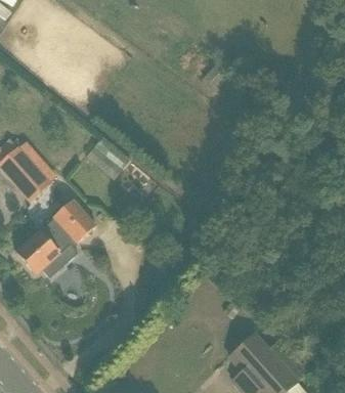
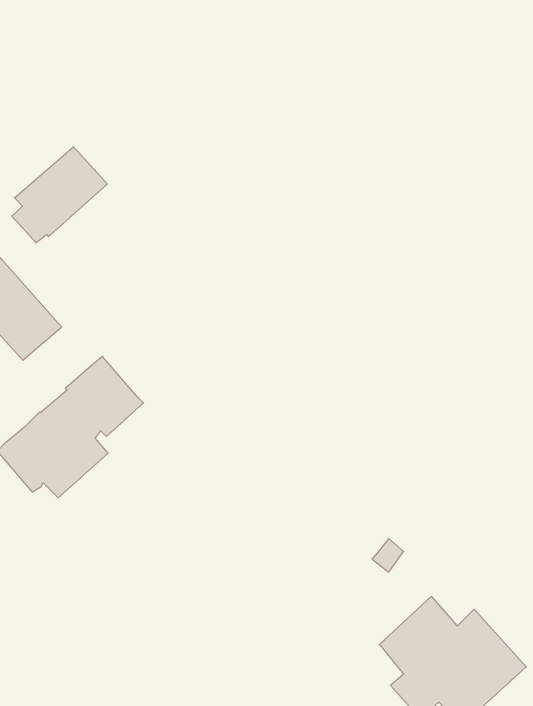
building: none -> [12,147,108,243]

